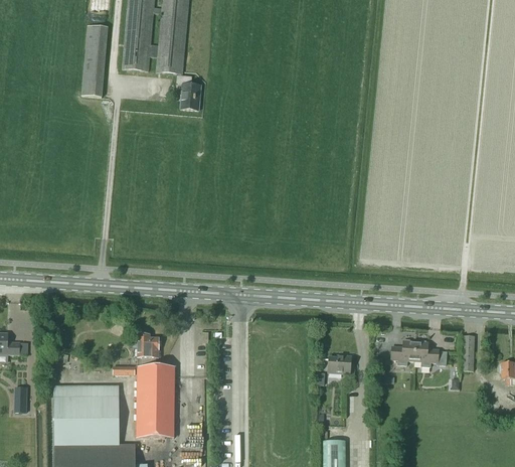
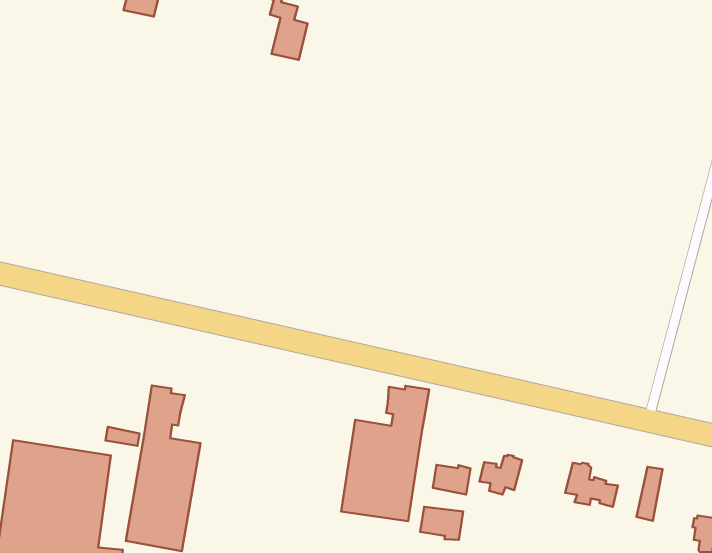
building: none -> [341,386,429,521]
building: [390,339,415,365] -> [480,455,522,495]
building: none -> [420,507,463,540]

